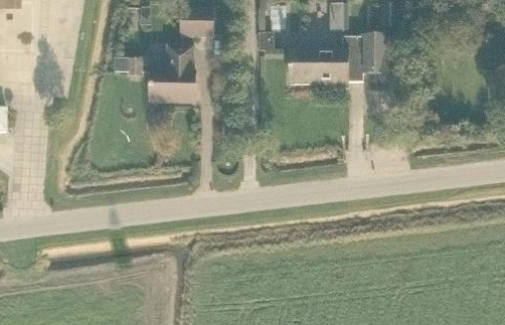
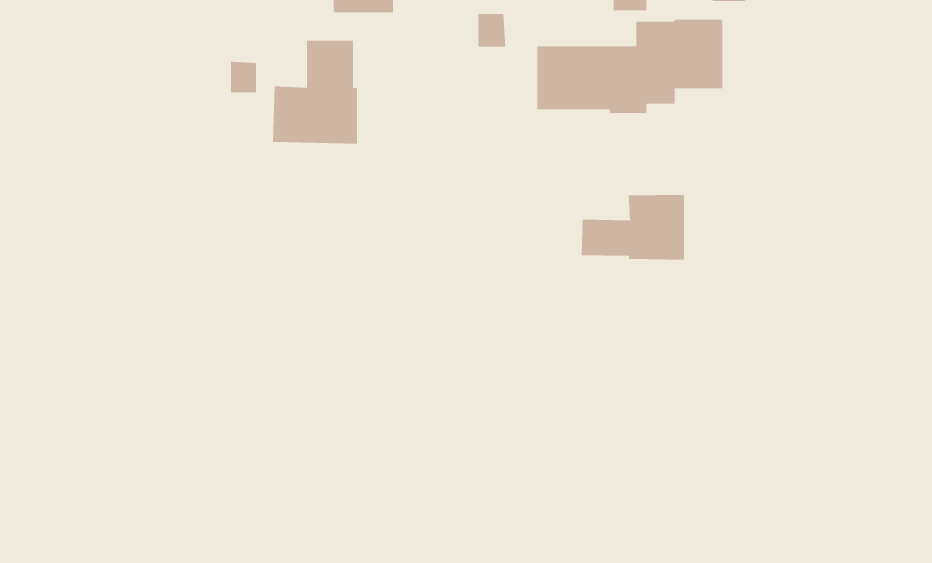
building: none -> [581,194,685,261]

